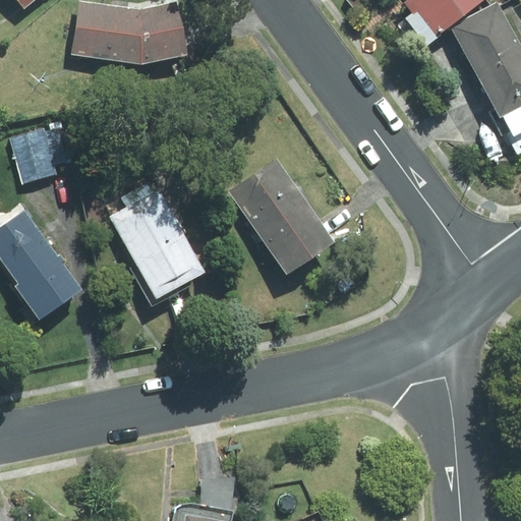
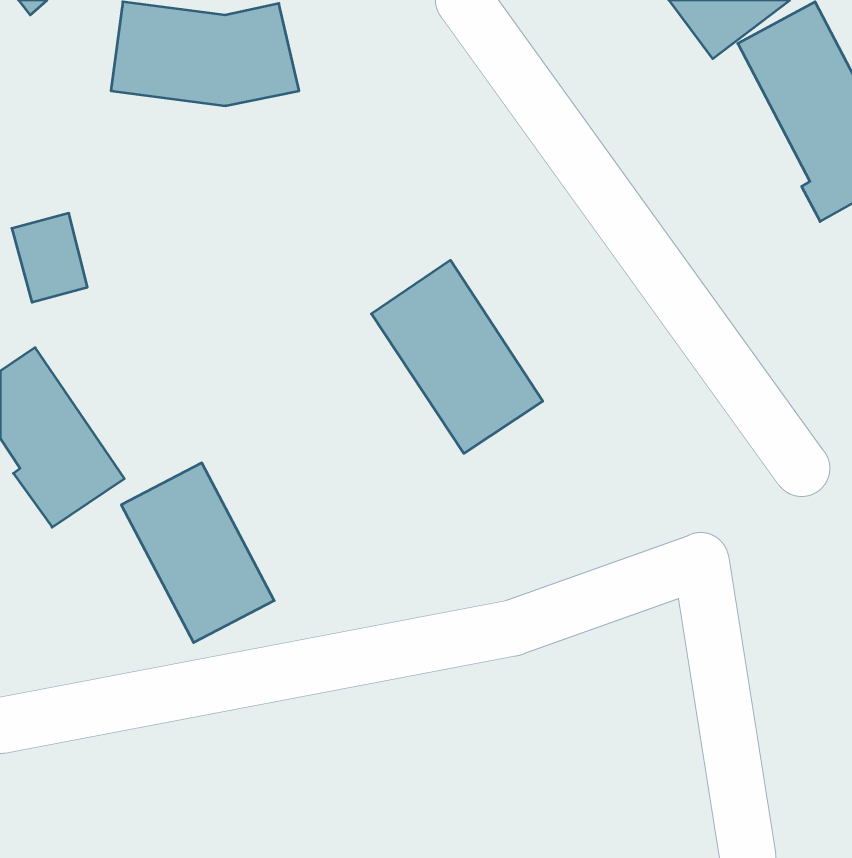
building: [110,189,202,298] -> [121,463,274,643]

